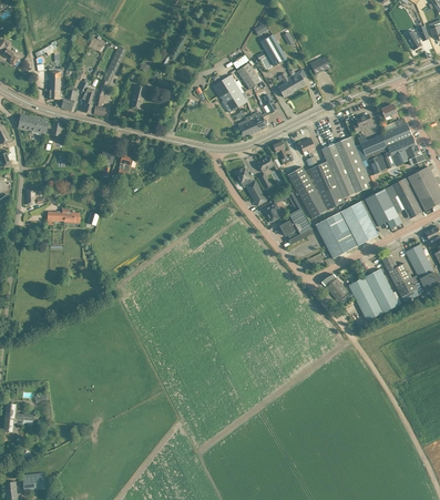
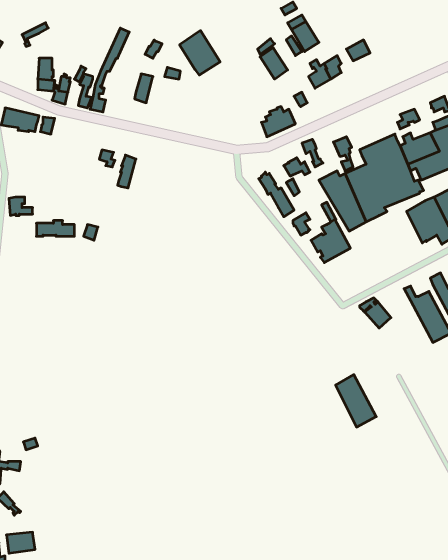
building: [212,74,246,112] -> [180,31,220,75]
building: [314,201,377,258] -> none
building: [348,276,382,320] -> [336,375,376,427]

